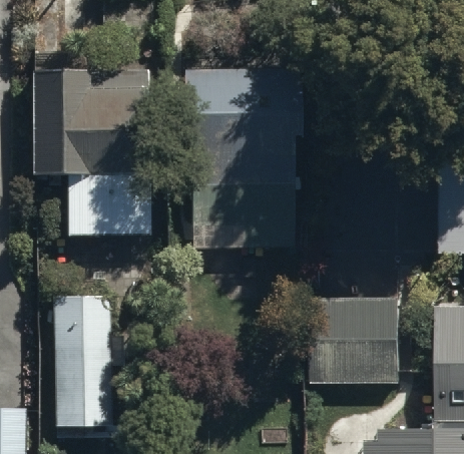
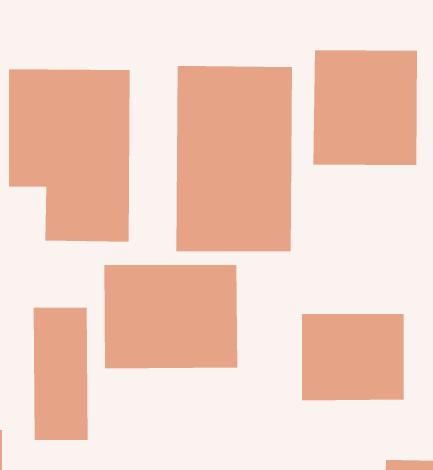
building: none -> [312,50,418,166]
building: none -> [103,264,238,369]

